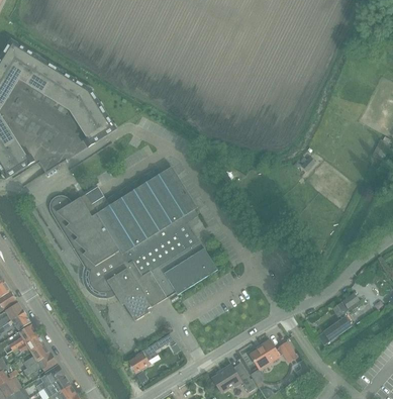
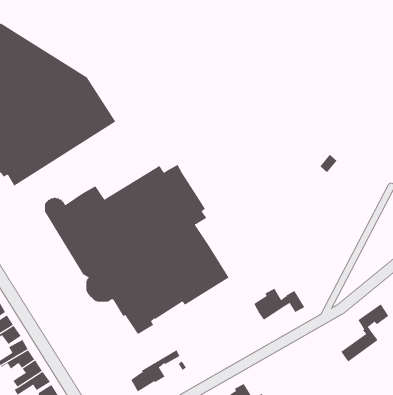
building: [250,340,296,370] -> [253,288,305,321]

